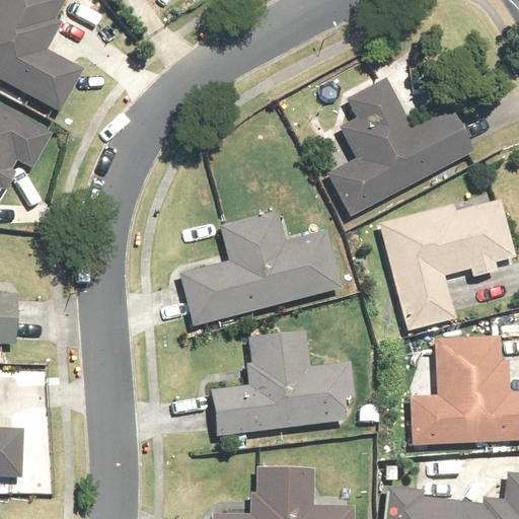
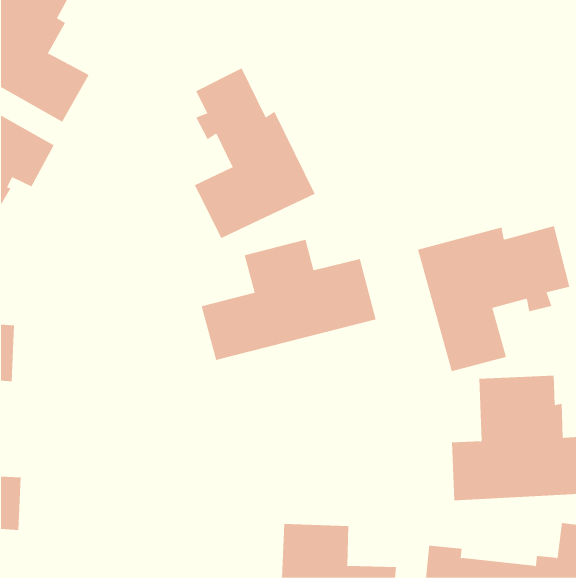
building: none -> [194,68,315,239]
building: [322,82,480,223] -> none
building: [207,330,354,437] -> none

